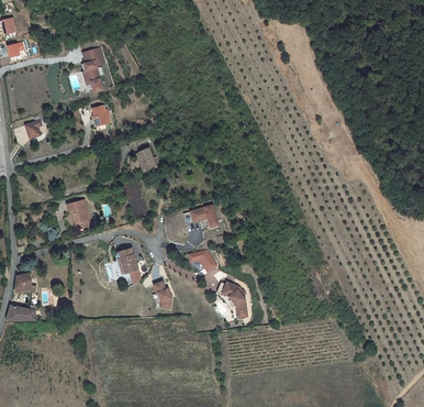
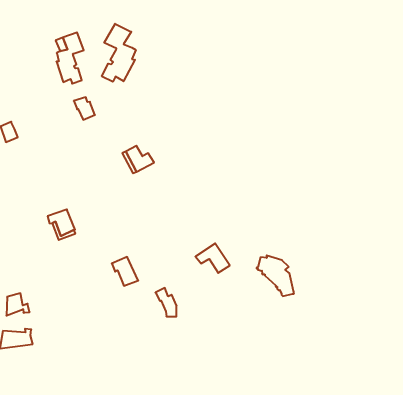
building: none -> [102,24,136,82]
building: [191,202,221,227] -> none
building: [214,279,245,317] -> [257,255,294,296]

